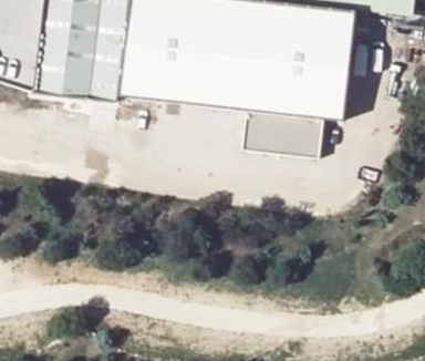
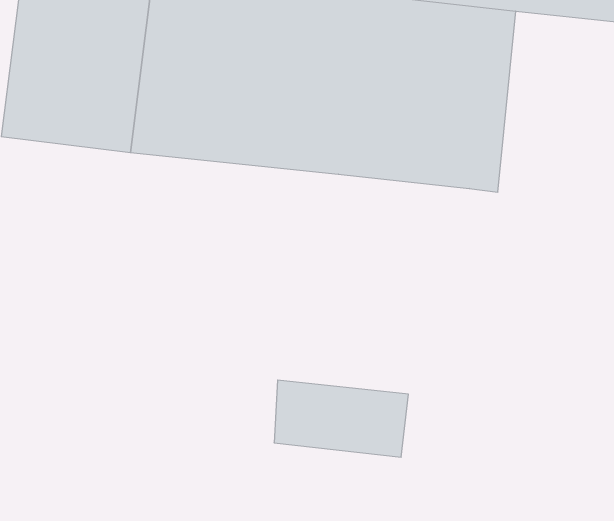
building: [241,110,324,157] -> [274,380,408,457]

